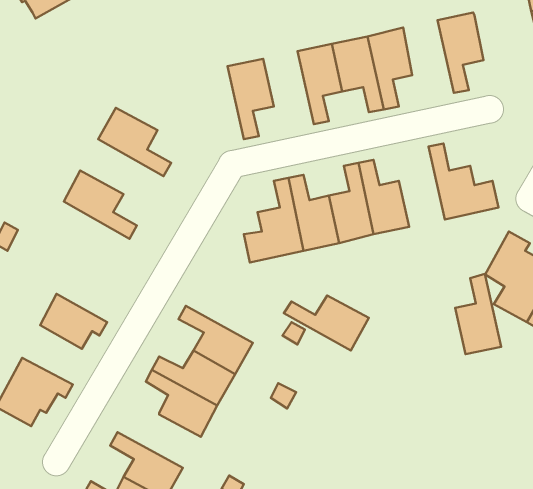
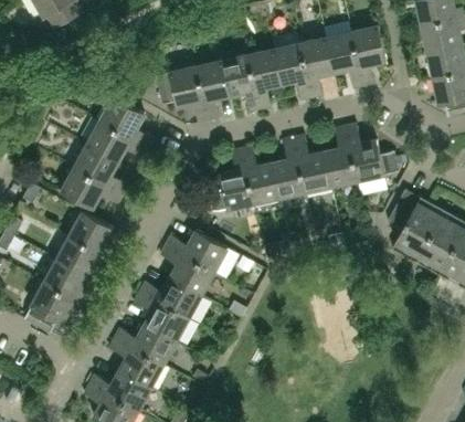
building: none -> [326,32,363,89]
building: none -> [222,55,260,112]
building: none -> [155,66,208,124]
building: none -> [86,120,148,161]
building: none -> [60,167,123,209]
building: none -> [68,211,114,256]
building: [455,274,501,354] -> [323,126,357,186]
building: [284,295,369,350] -> [165,231,228,272]
building: none -> [43,259,87,303]
building: none -> [114,325,176,365]

